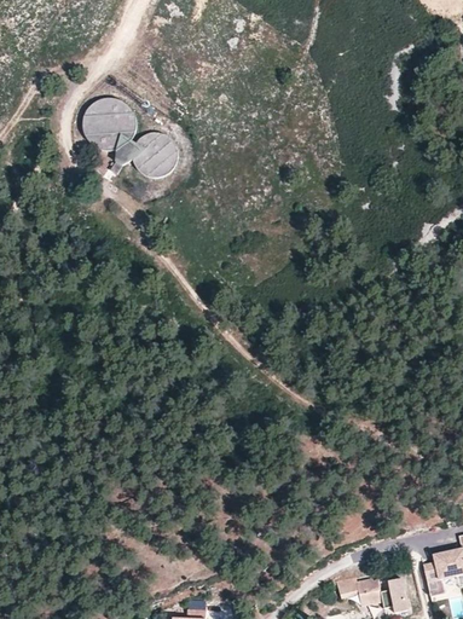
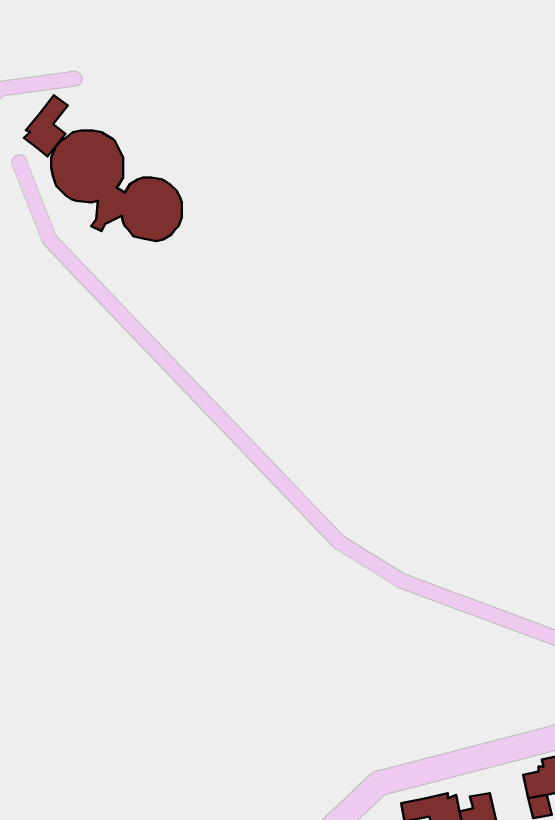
building: none -> [24,95,68,156]

